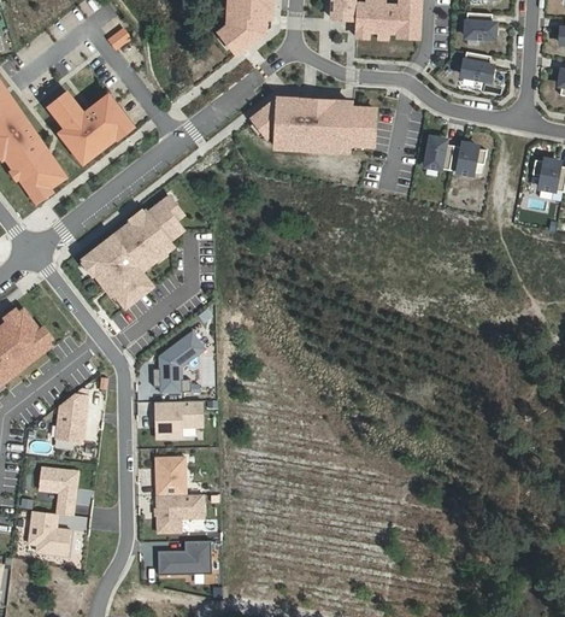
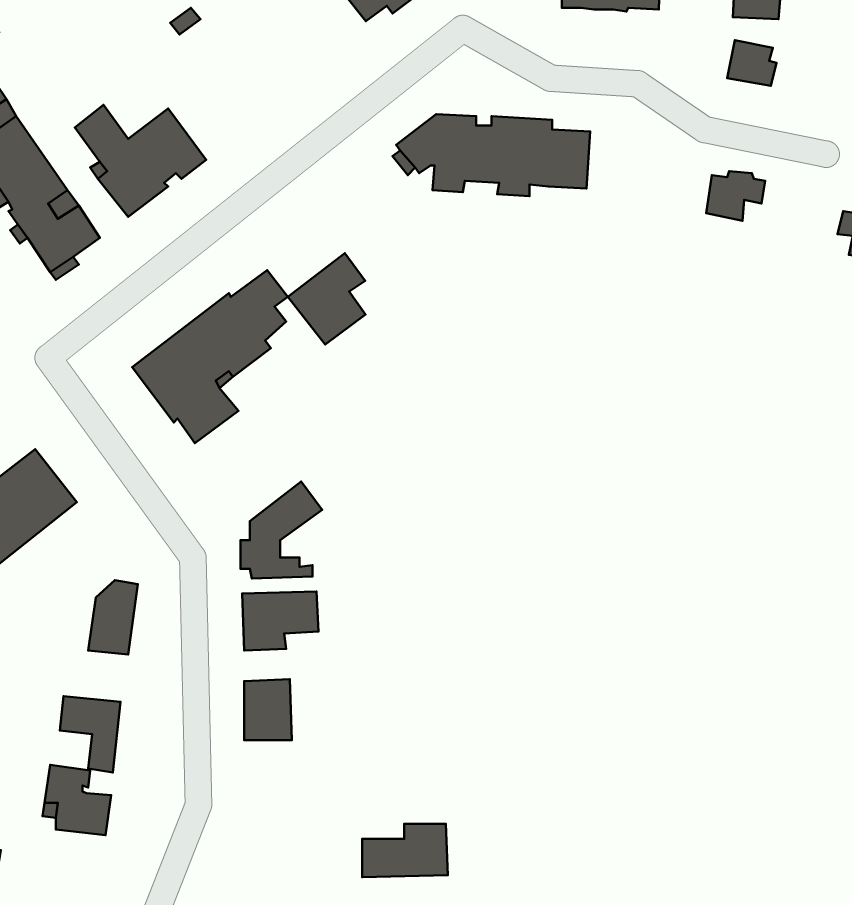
building: [425,129,452,161] -> none
building: none -> [288,253,365,345]
building: [155,494,204,533] -> none
building: [158,541,212,575] -> [362,824,448,877]

